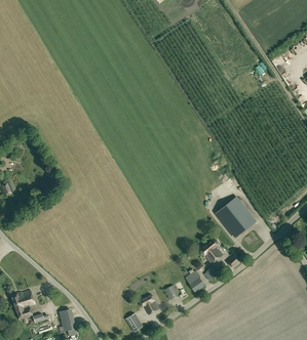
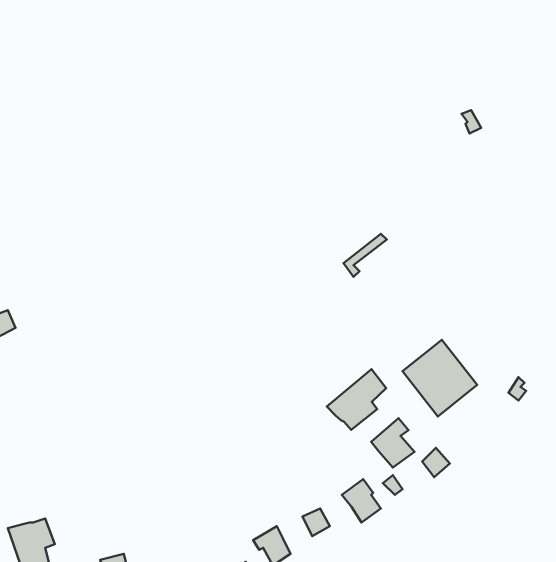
building: none -> [327,369,386,430]

